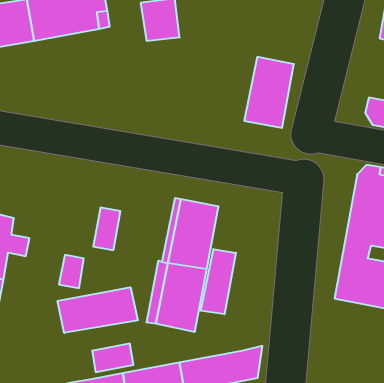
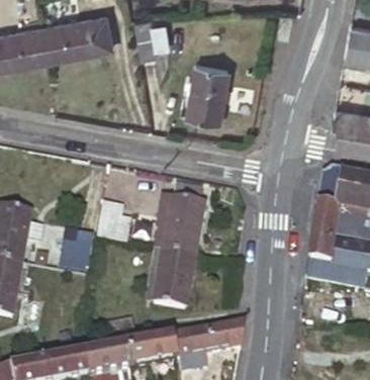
building: [244,57,294,128] -> [186,59,228,119]
building: [201,249,236,314] -> none
building: [57,287,138,333] -> none

